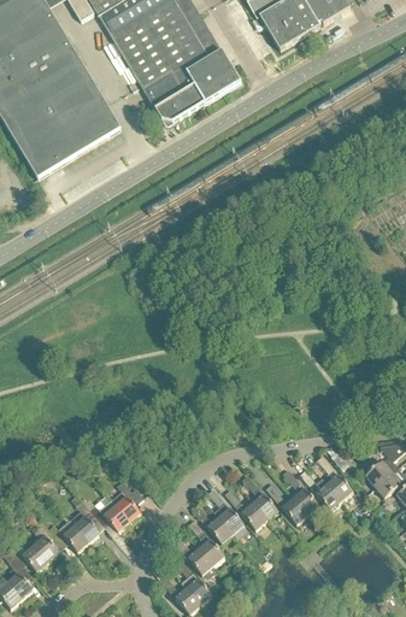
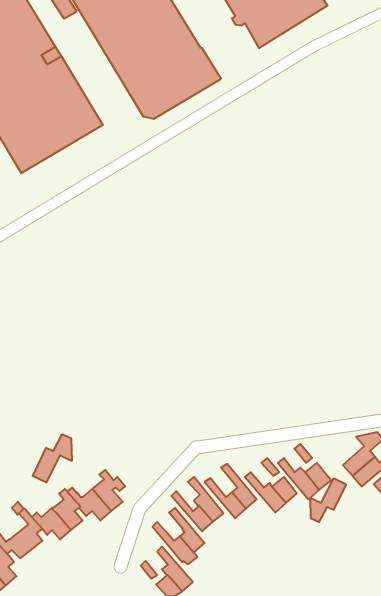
building: none -> [33,434,72,483]
building: none -> [310,478,346,522]

